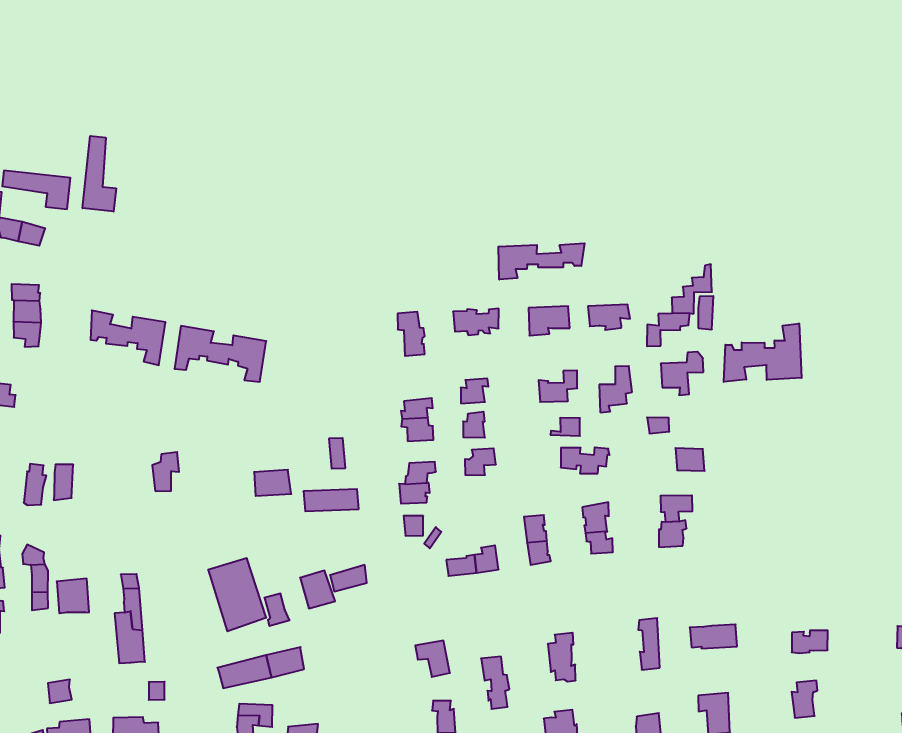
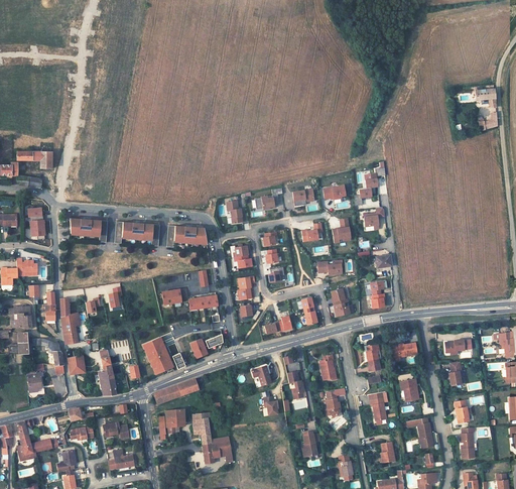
building: [83,136,116,212] -> none
building: [498,243,585,280] -> none
building: [724,323,802,382] -> none
building: none -> [167,224,207,246]
building: none -> [60,313,80,344]

